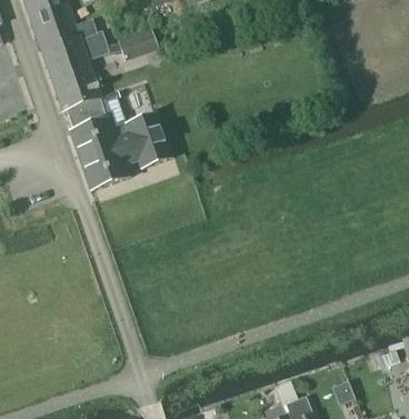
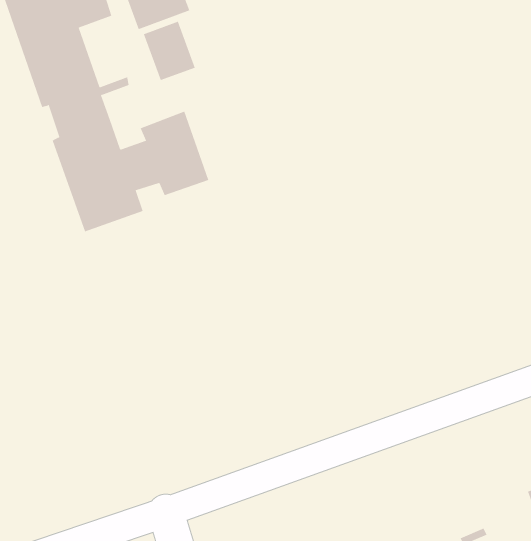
building: none -> [143,21,196,81]

